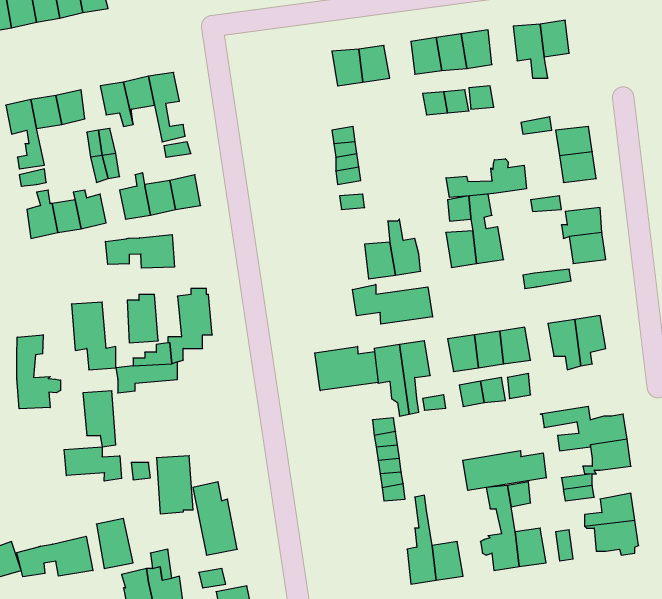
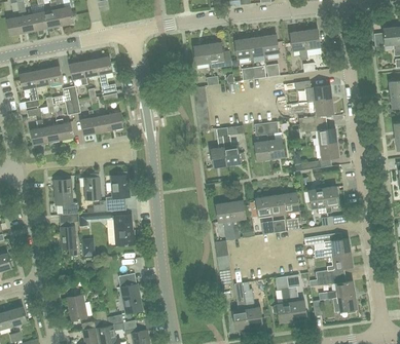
building: [446,159,526,197] -> none
building: [105,235,174,268] -> none
building: [352,284,433,324] -> none
building: [17,335,61,409] -> none
building: [315,346,378,391] -> none
building: [64,447,122,481] -> none
building: [463,451,546,490] -> none
building: [156,456,193,514] -> [113,215,133,245]
building: [17,536,93,577] -> none

